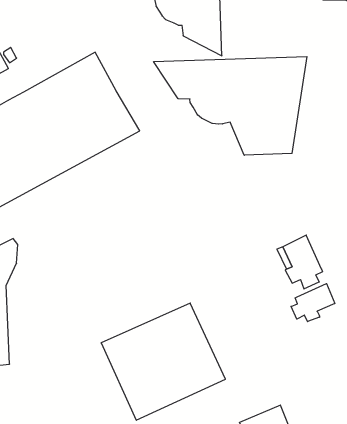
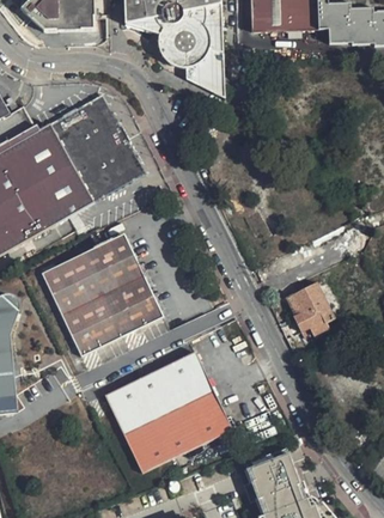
building: [154,57,307,155] -> none
building: none -> [42,236,163,356]
building: [291,284,335,322] -> none

